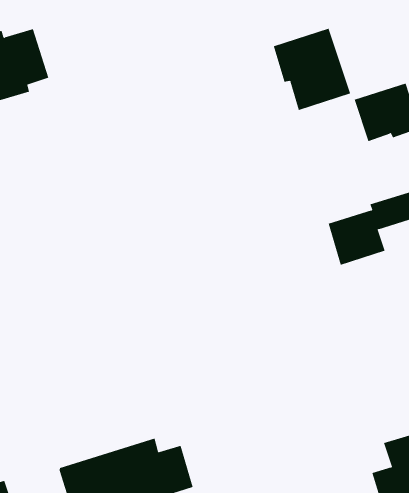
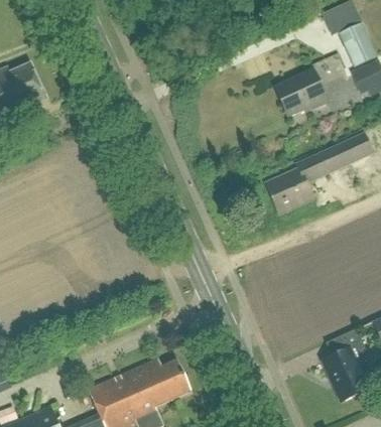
building: [273,28,351,111] -> none

